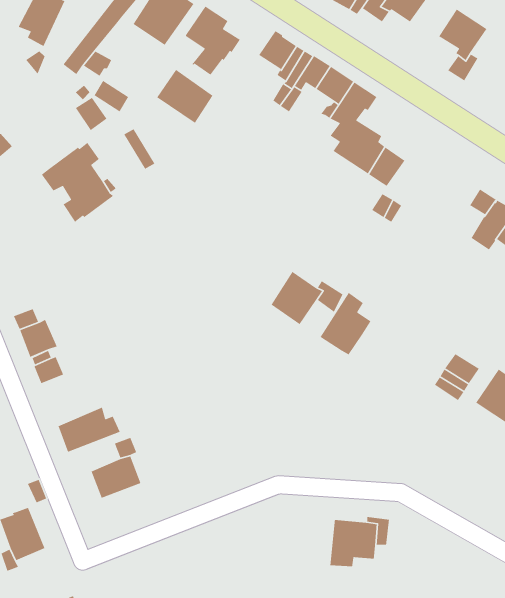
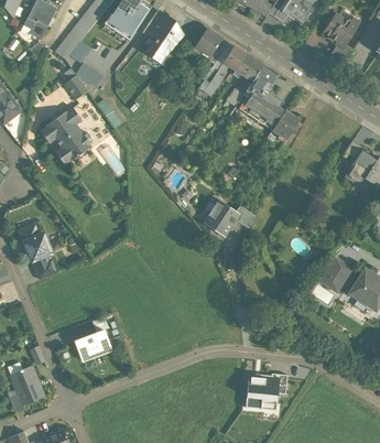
building: [156,69,214,124] -> none
building: [319,292,372,356] -> none
building: [57,406,121,453] -> none

